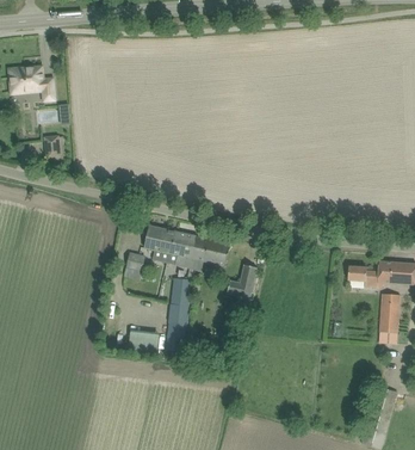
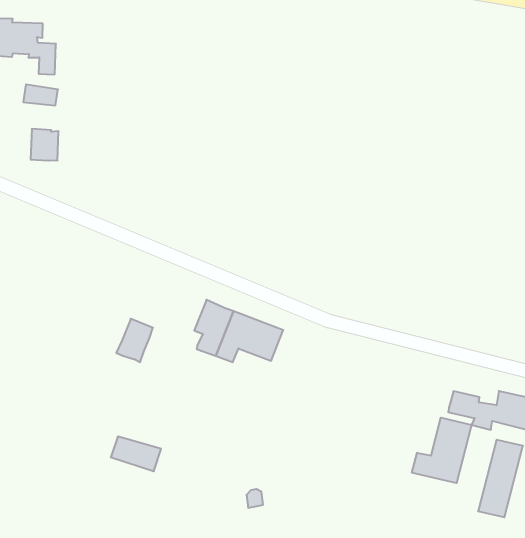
building: [144,226,176,253] -> none
building: [225,265,256,301] -> none
building: [166,276,191,350] -> none
building: none -> [412,418,472,483]

